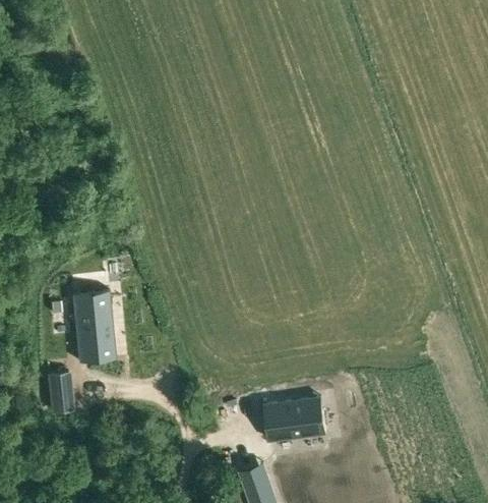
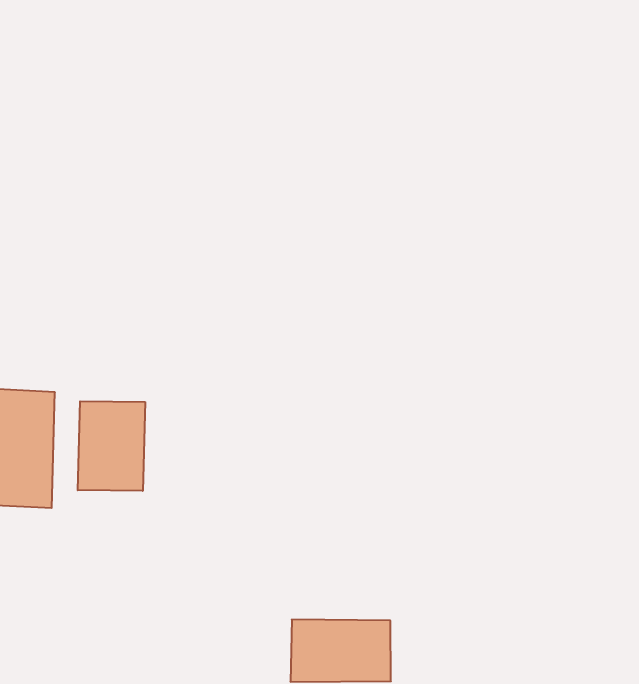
building: none -> [78,401,145,491]

